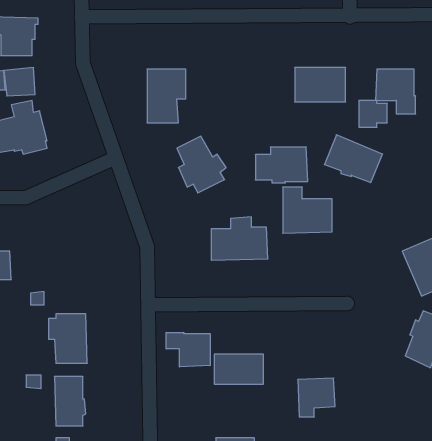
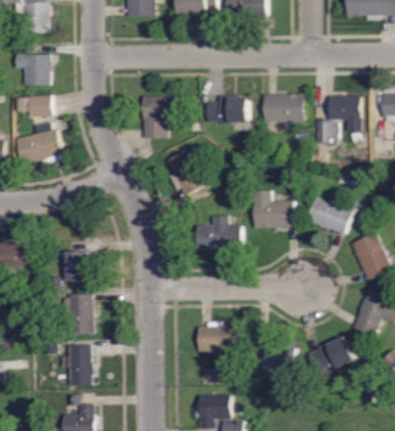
building: [324,135,383,183] -> [305,195,353,234]
building: [255,147,308,183] -> [206,94,248,123]
building: none -> [64,249,90,281]
building: [166,332,210,367] -> none
building: none -> [305,335,354,377]

